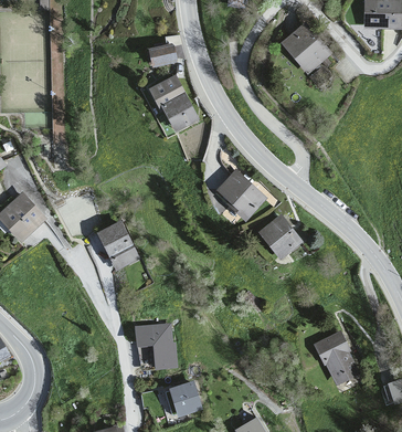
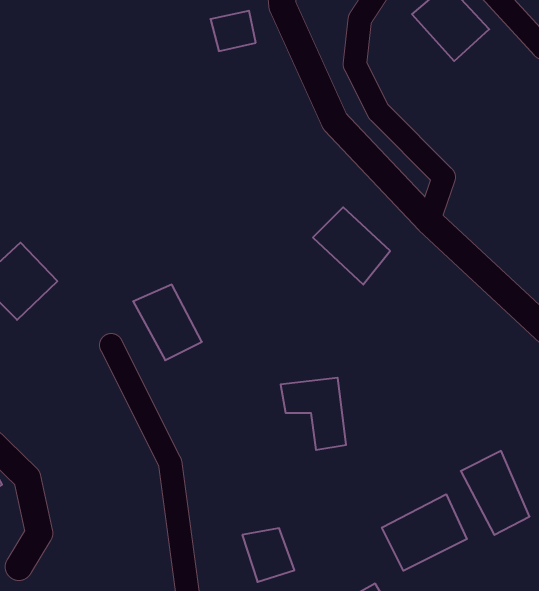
building: [149,75,200,131] -> none
building: [258,215,304,259] -> none
building: [135,323,178,370] -> [281,378,346,450]
building: none -> [382,494,467,571]

